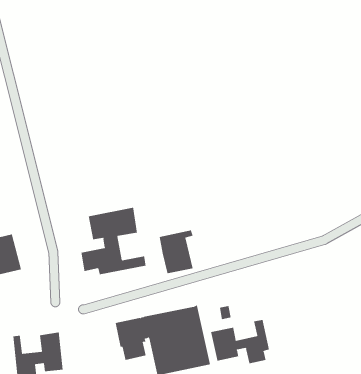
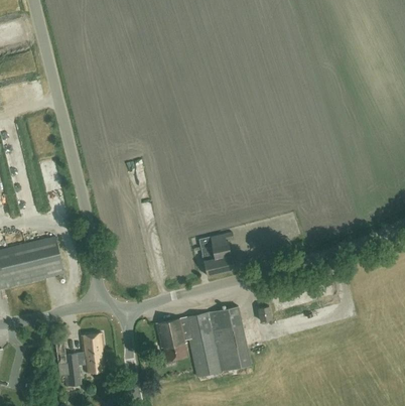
building: [81,207,146,275] -> none
building: [210,319,270,364] -> none

